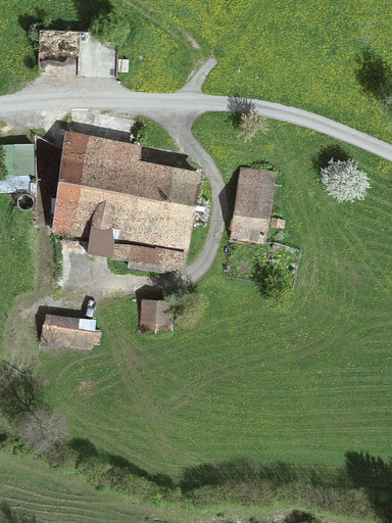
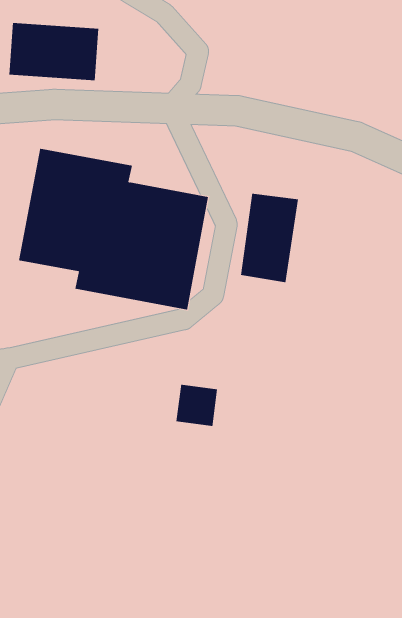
building: [135,298,169,333] -> [176,384,218,426]
building: [40,316,91,349] -> none

